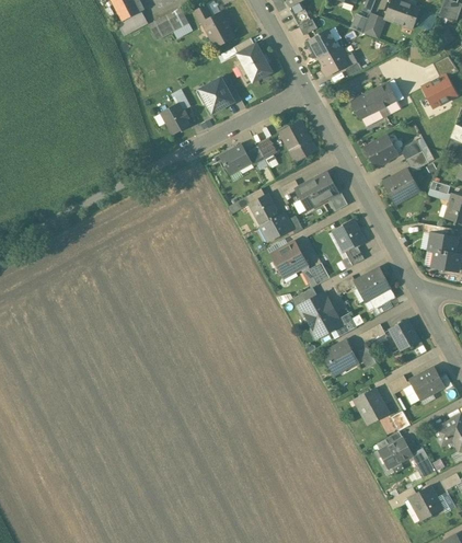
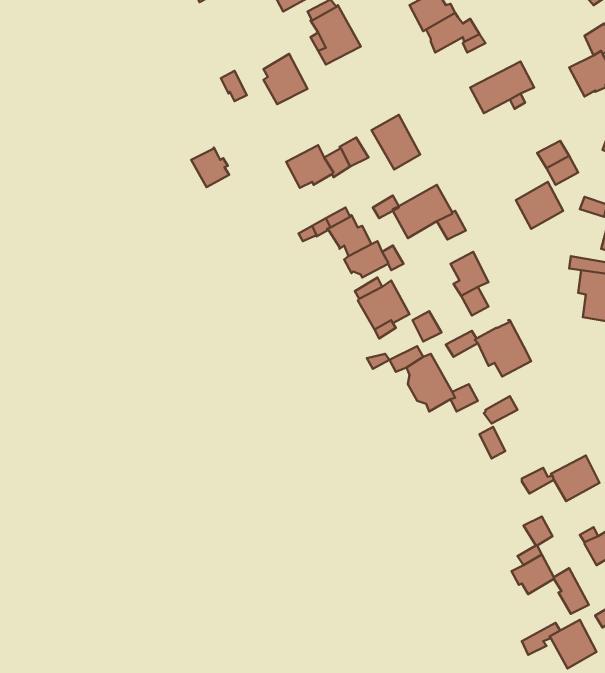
building: [162,105,189,134] -> [191,148,229,187]
building: [365,135,397,166] -> none
building: [390,319,419,350] -> none
building: [323,340,358,374] -> none
building: [354,388,389,425] -> none

